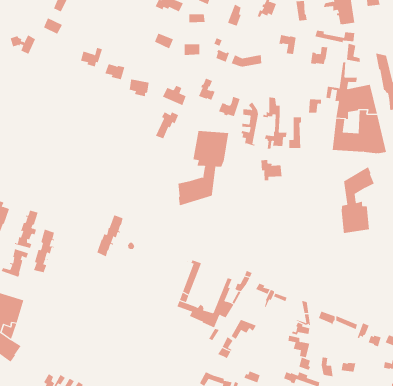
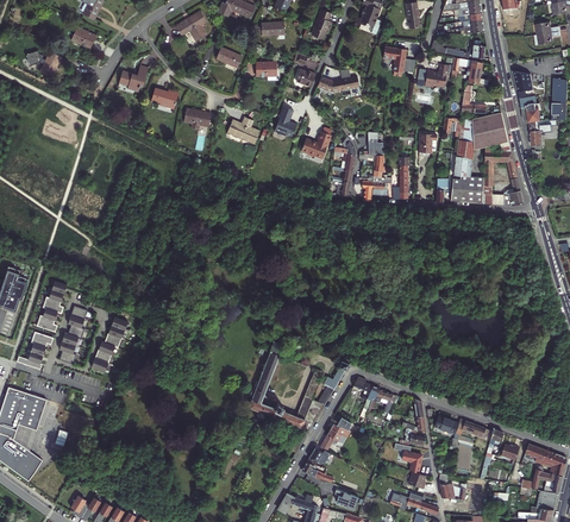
building: none -> [177,10,209,40]
building: [155,111,179,139] -> none
building: [178,130,229,206] -> none
building: [261,159,282,181] -> none
building: [341,166,374,234] -> none
building: [97,215,124,257] -> [92,315,127,371]

